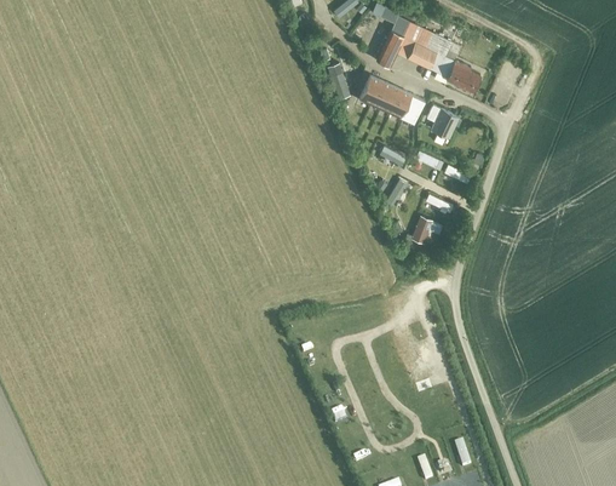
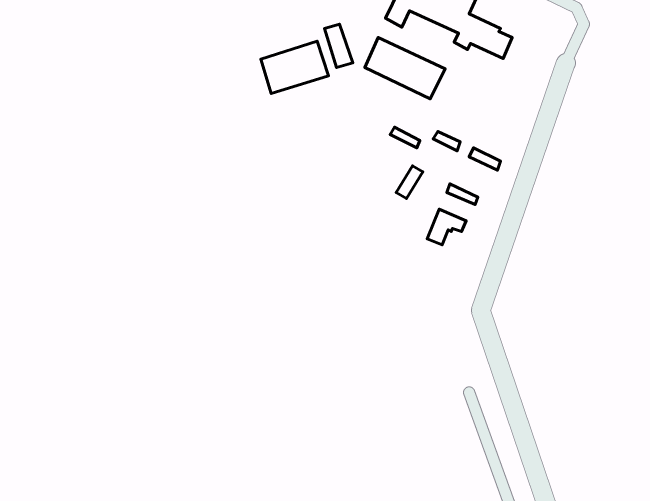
building: none -> [261,41,329,94]
building: [426,105,460,138] -> none

